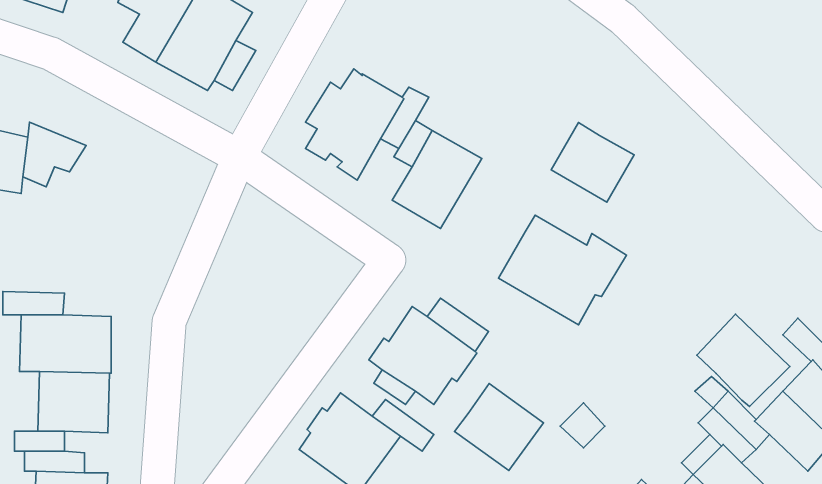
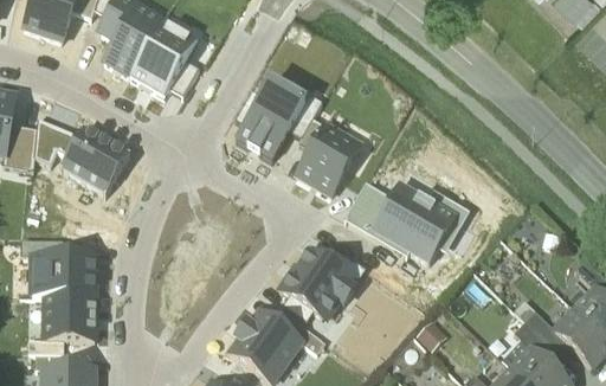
building: [551,122,634,202] -> none
building: none -> [59,127,129,195]
building: none -> [346,184,391,231]
building: [697,314,790,406] -> none
building: [455,384,543,470] -> none

